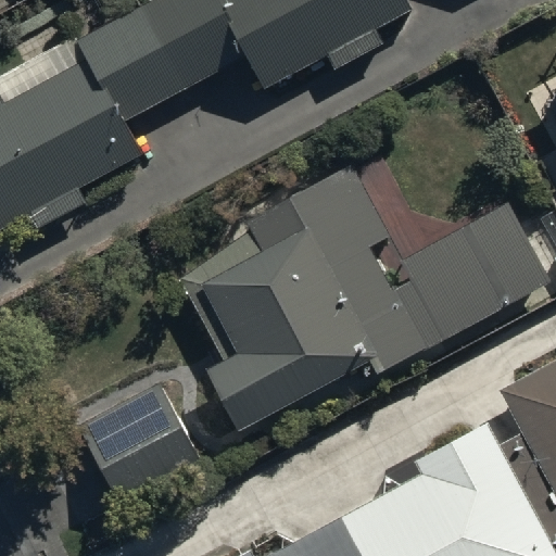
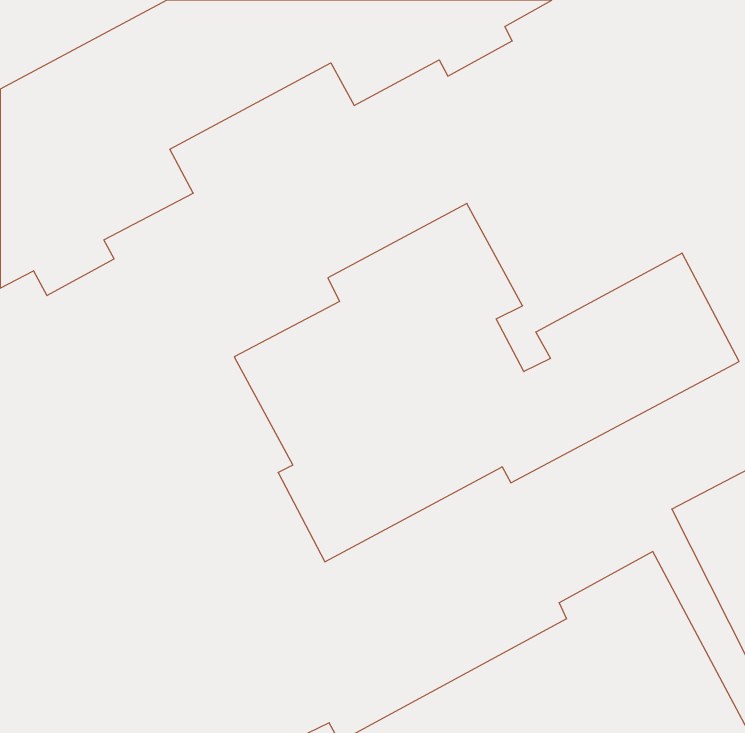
building: [74,382,195,493] -> none

